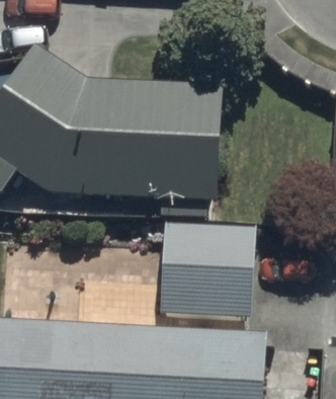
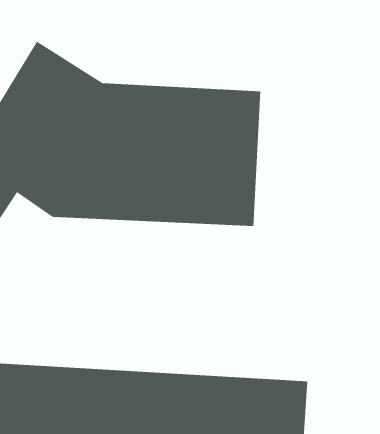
building: [149,221,252,315] -> none

